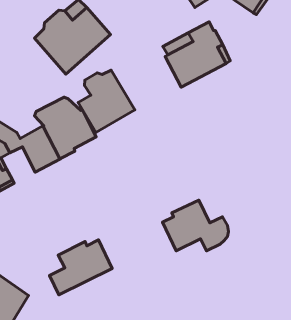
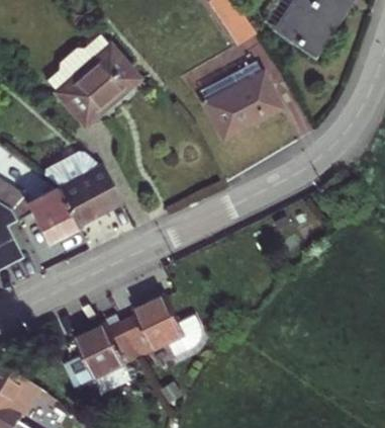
building: [78,70,135,132] -> none
building: [163,200,228,251] -> [123,296,202,357]

